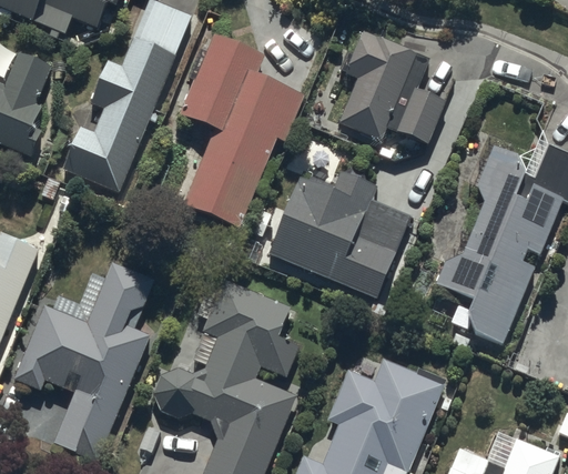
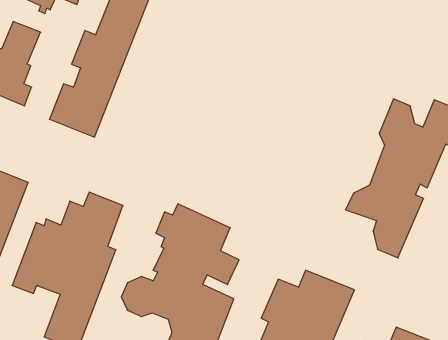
building: [182,27,303,224] -> none
building: [337,27,446,142] -> none
building: [270,170,410,297] -> none

